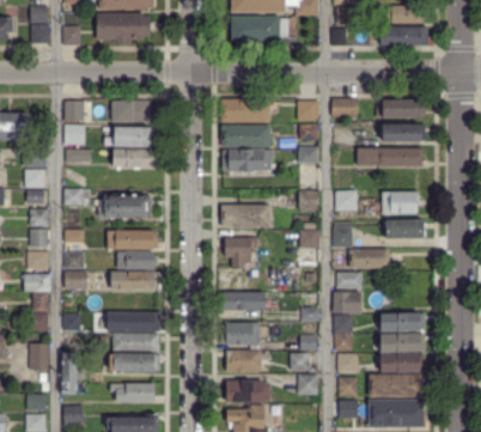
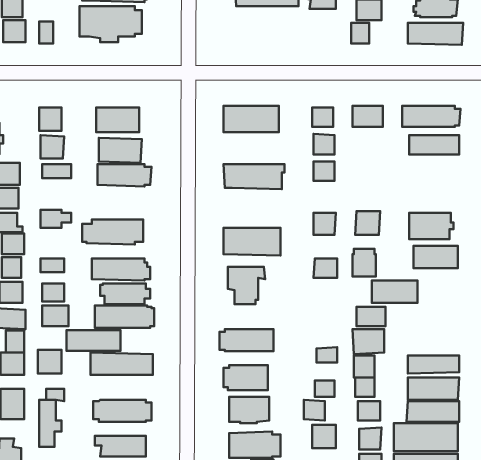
building: [231,16,288,43] -> none
building: [221,126,273,148] -> none
building: [357,148,422,166] -> none
building: [112,334,159,352] -> [66,330,120,351]

